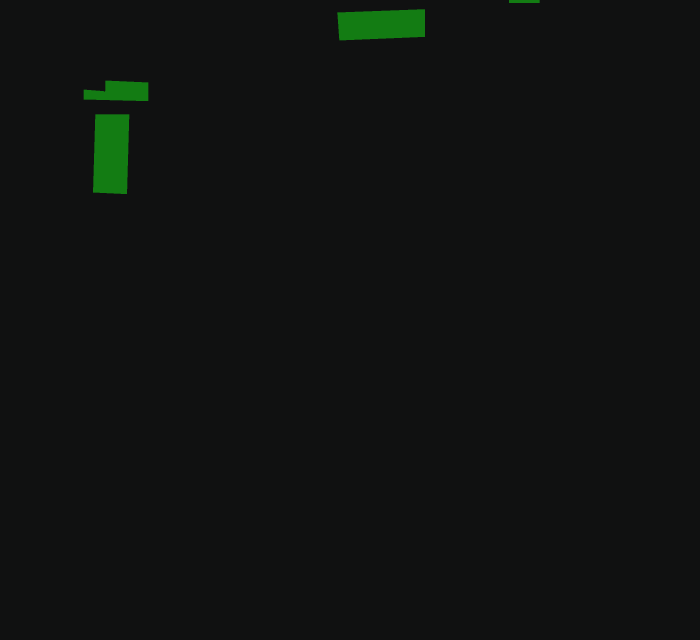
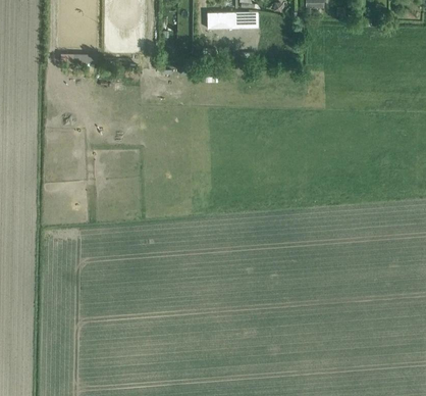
building: [92,113,130,195] -> none

